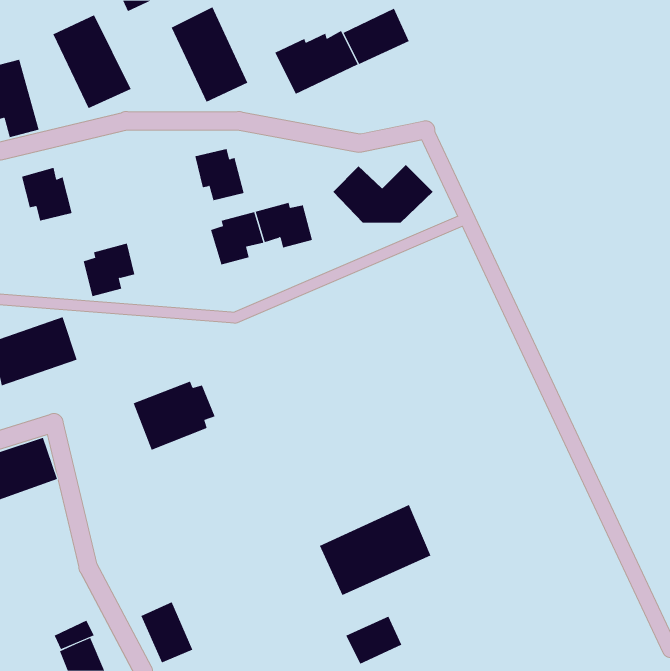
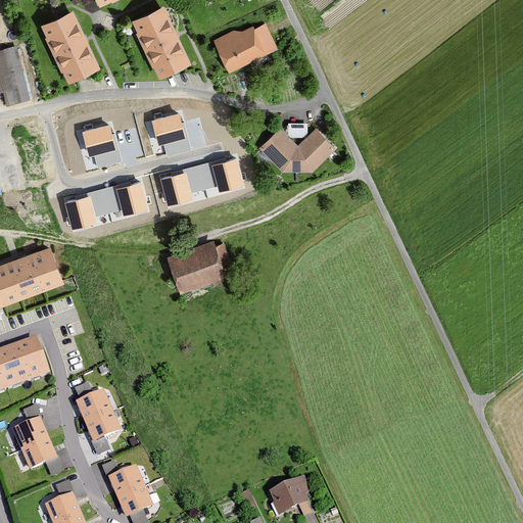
building: [343,8,409,65] -> none
building: [21,167,72,221] -> [82,126,122,168]
building: none -> [99,182,144,218]
building: [133,381,216,451] -> [169,241,233,295]
building: none -> [77,392,117,440]
building: [319,504,431,596] -> none
building: none -> [14,420,54,468]

